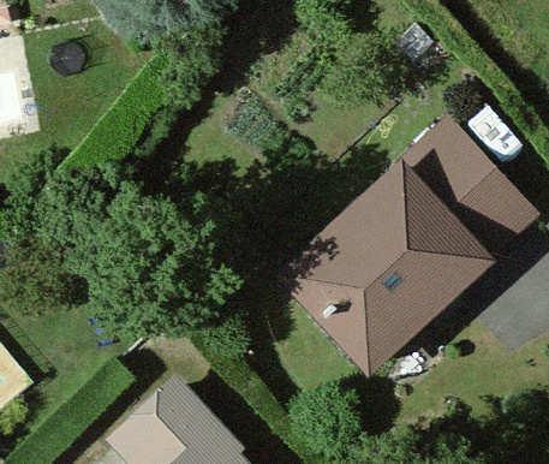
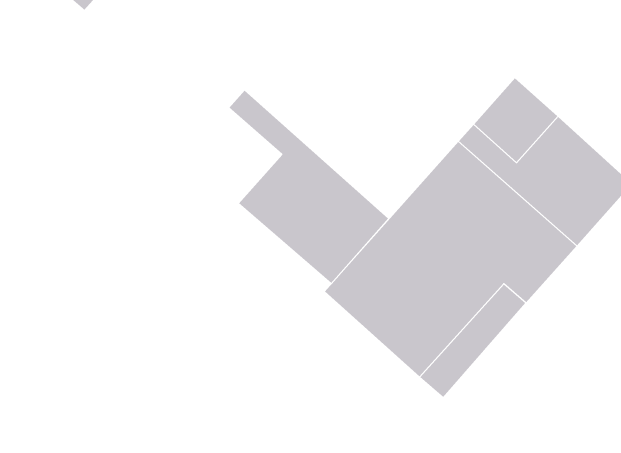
building: none -> [229,90,389,284]

